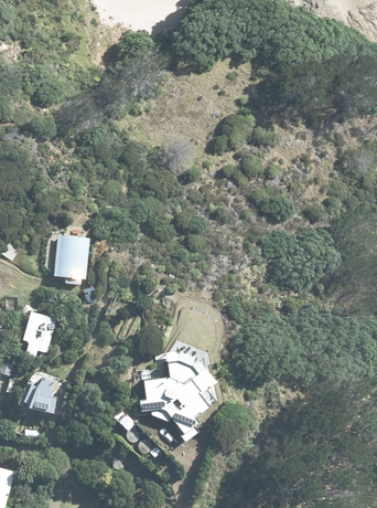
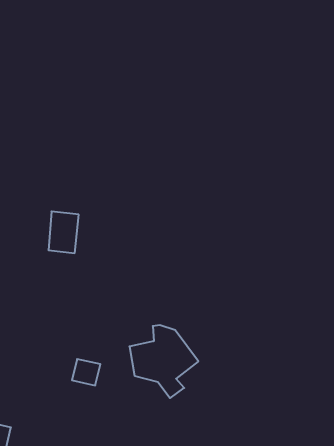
building: [23,314,54,356] -> none
building: [26,381,57,410] -> [72,359,100,385]

